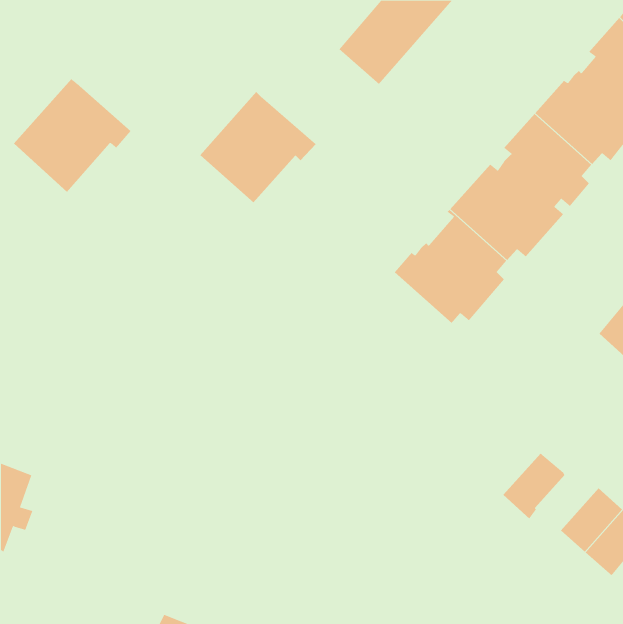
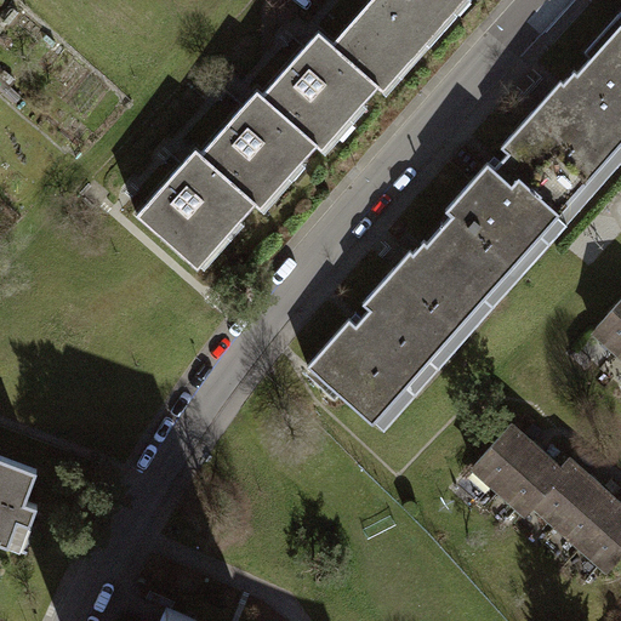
building: none -> [263,35,380,147]
building: [13,78,131,193] -> [139,153,256,266]
building: none -> [308,273,451,427]
building: none -> [474,428,539,492]
building: none -> [534,462,596,528]

